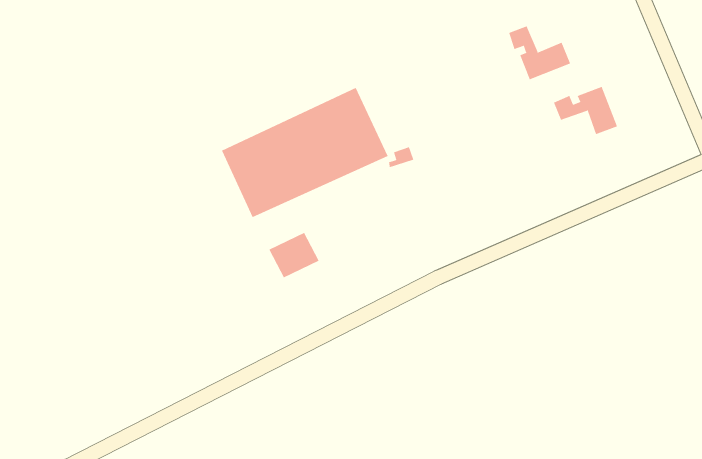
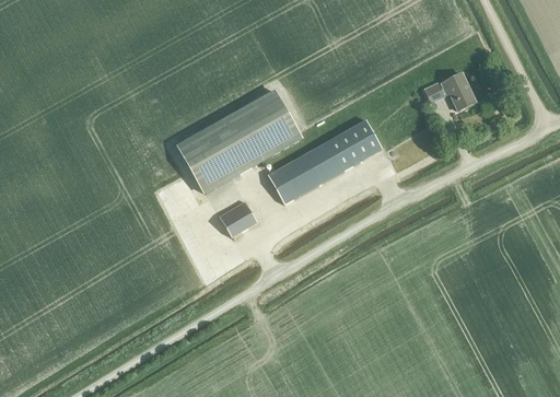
building: [508,26,571,80] -> none
building: none -> [268,121,382,203]

